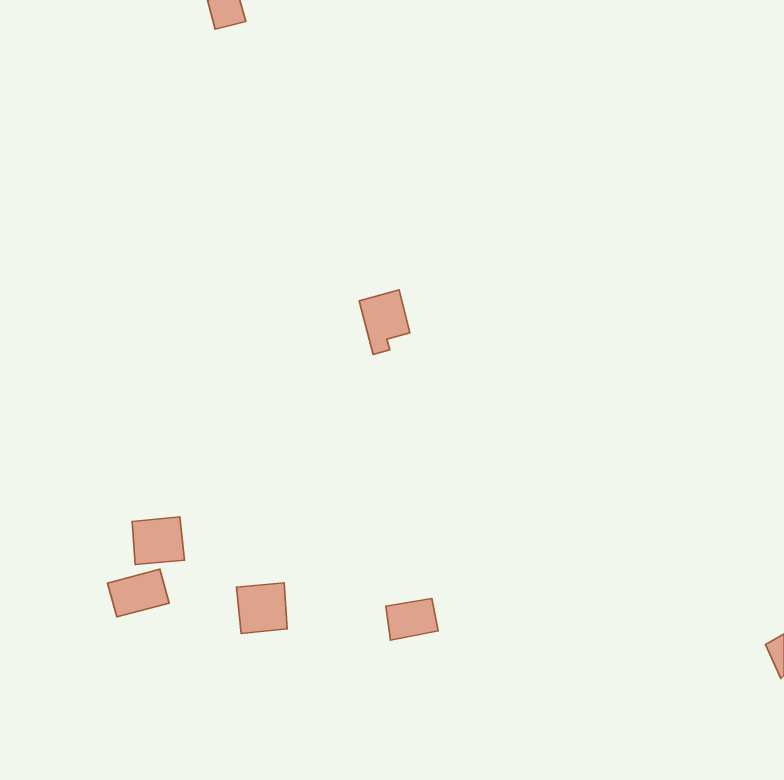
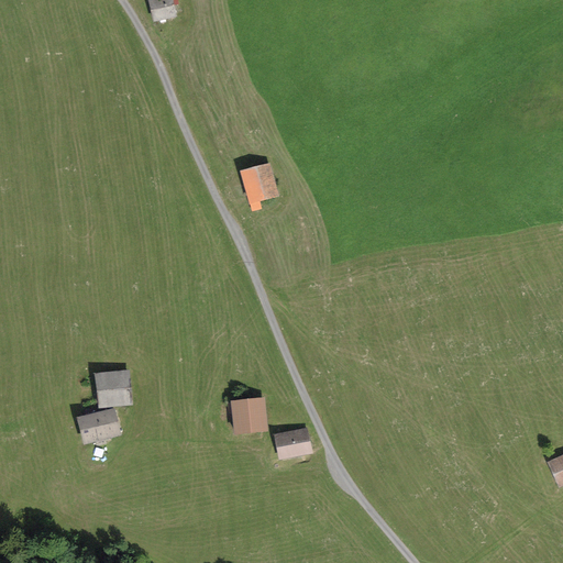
building: [359,290,410,355] -> [241,163,277,209]
building: [237,583,287,633] -> [230,396,266,432]

